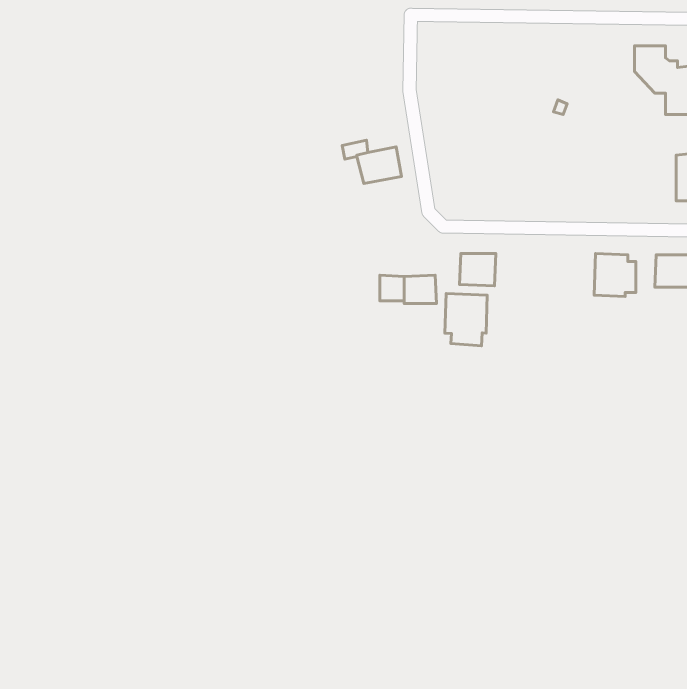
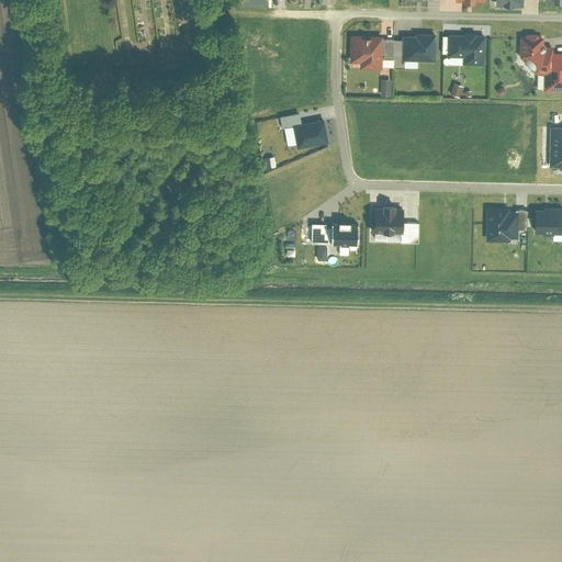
building: none -> [449,33,486,60]
building: none -> [400,34,437,63]
building: none -> [352,35,382,65]
building: [445,294,487,346] -> none

